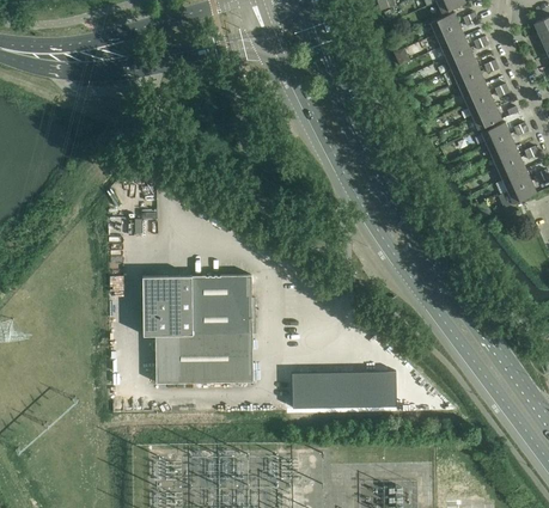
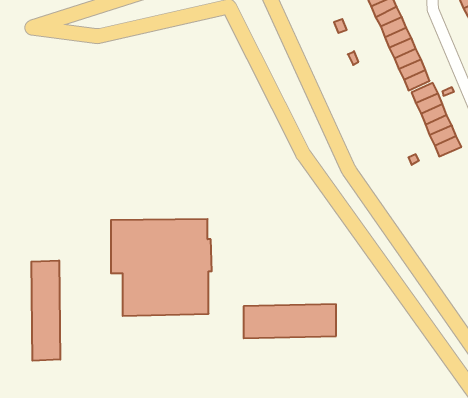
building: none -> [31,260,60,361]

